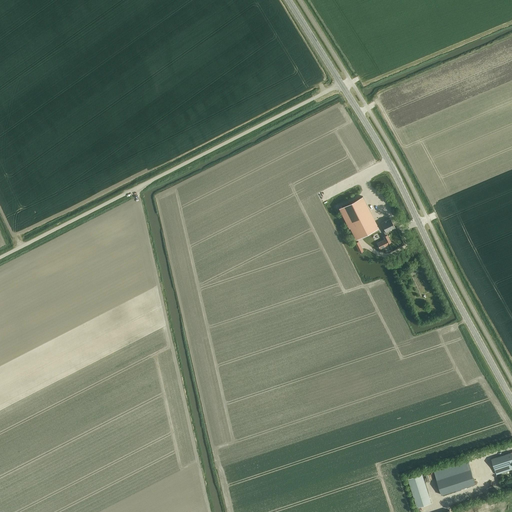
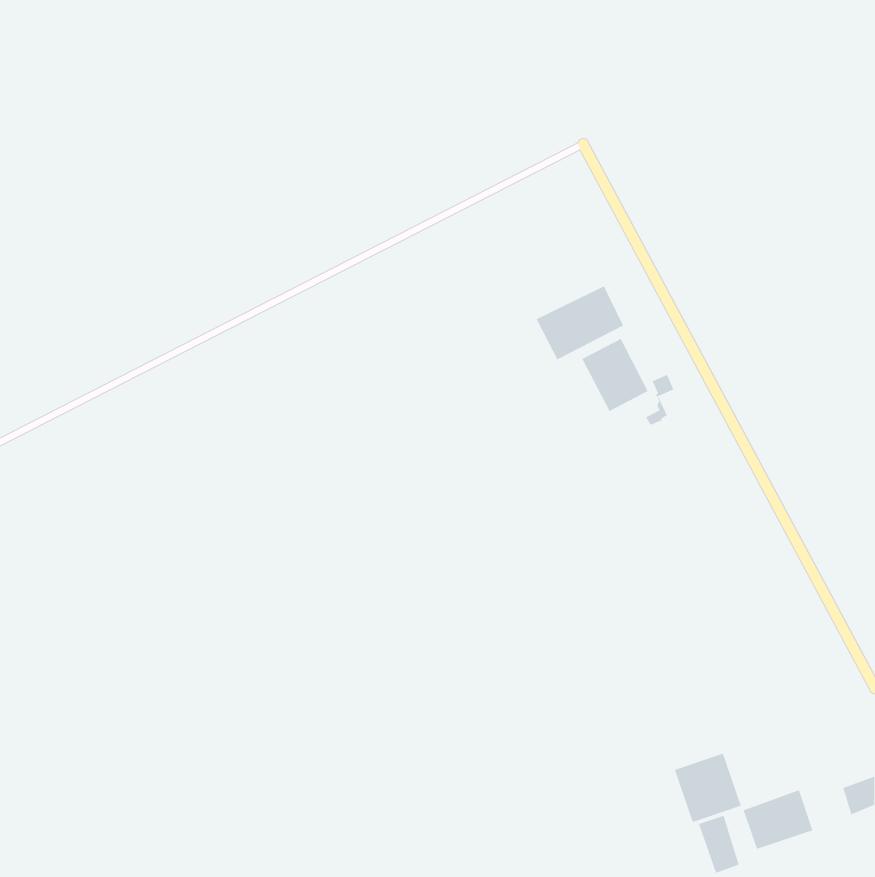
building: none -> [536,286,624,360]
building: none -> [674,753,742,823]

